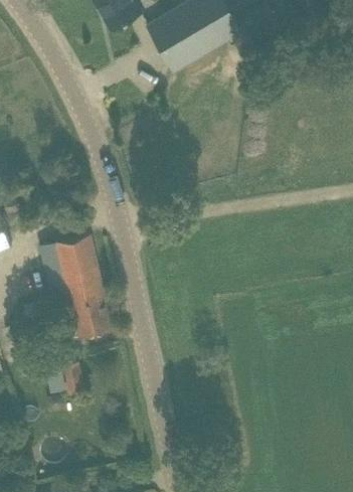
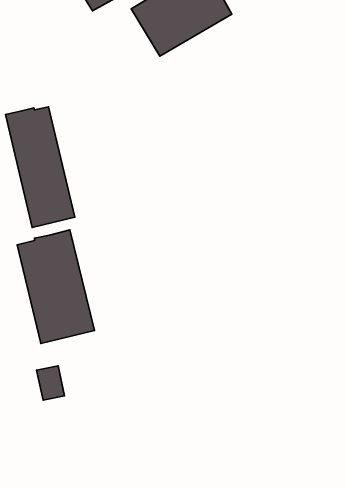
building: none -> [6,107,75,228]

